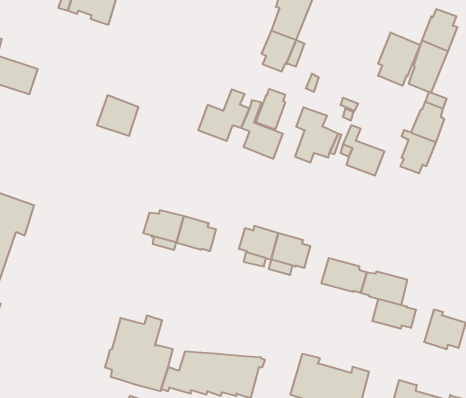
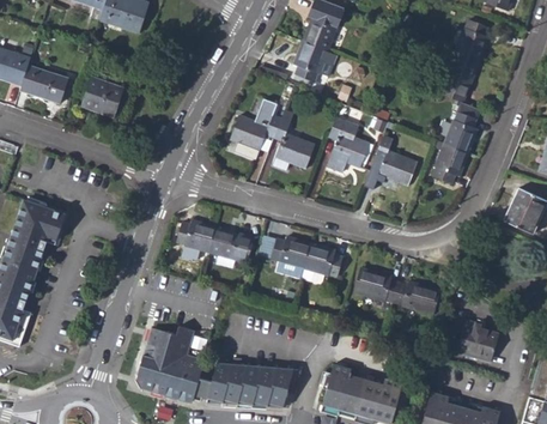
building: [378,32,420,86] -> none
building: [256,89,285,130] -> none
building: [97,95,139,136] -> [81,77,123,117]
building: [372,299,416,329] -> none

